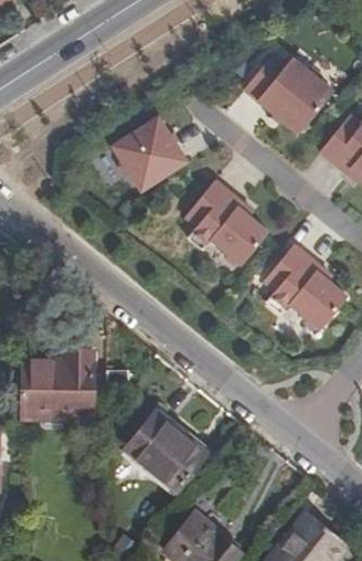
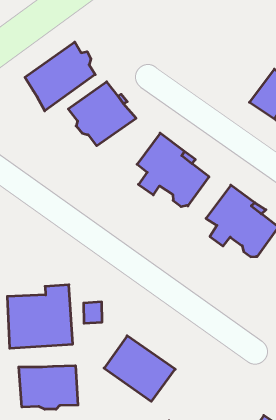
building: [239,54,329,135] -> none
building: none -> [25,42,95,111]
building: none -> [19,366,78,409]

